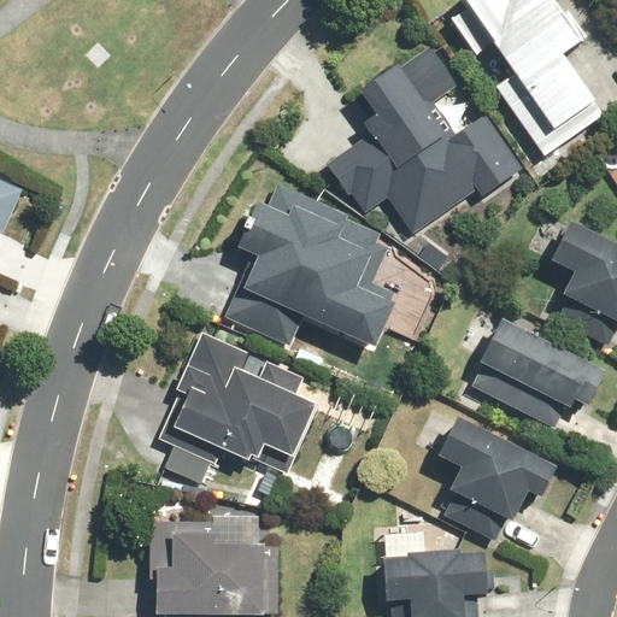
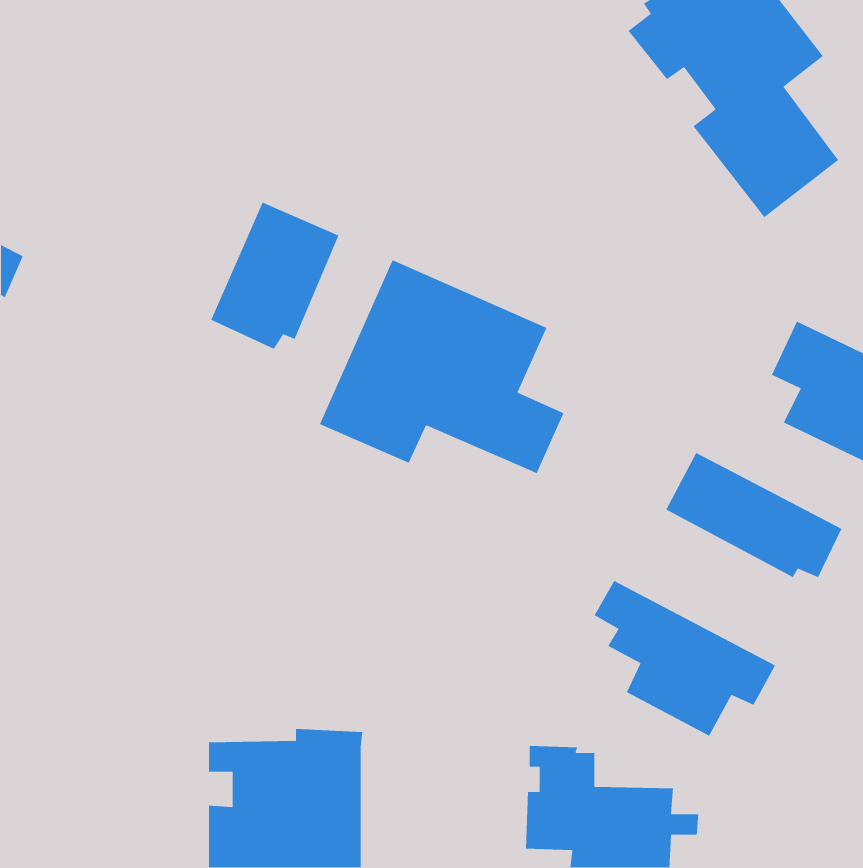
building: [331,49,525,231] -> none
building: none -> [210,201,340,350]
building: [172,333,327,466] -> none

